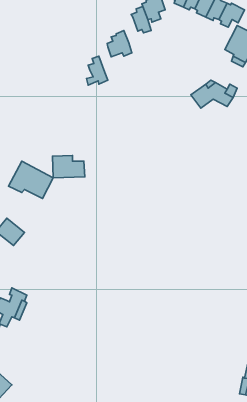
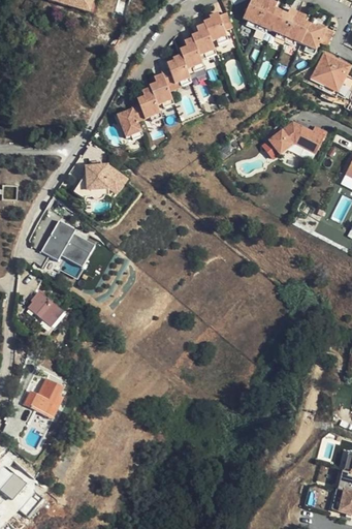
building: none -> [183,39,206,72]
building: none -> [152,76,175,111]
building: none -> [120,105,146,142]
building: [52,155,85,178] -> [84,162,124,190]

